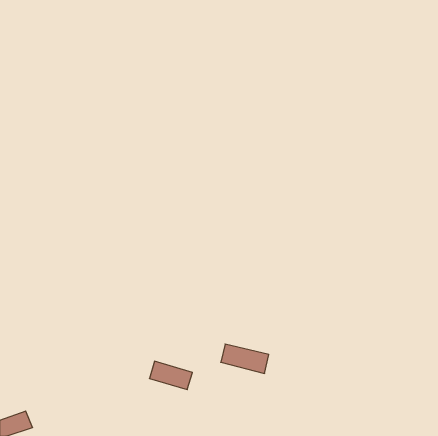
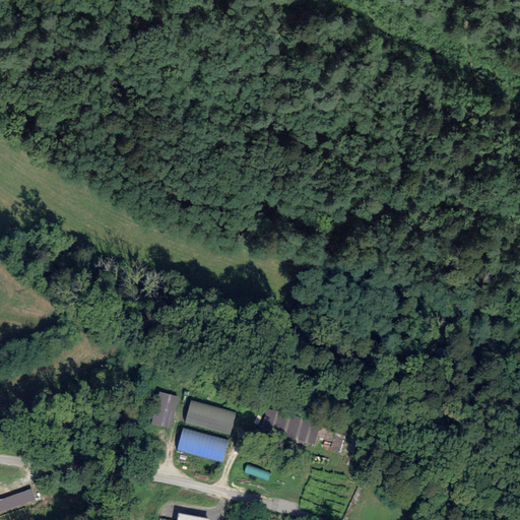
building: none -> [150,391,178,429]
building: none -> [185,400,235,433]

